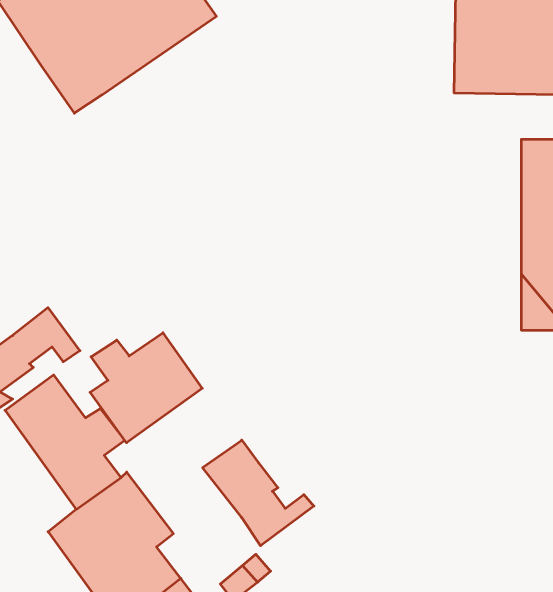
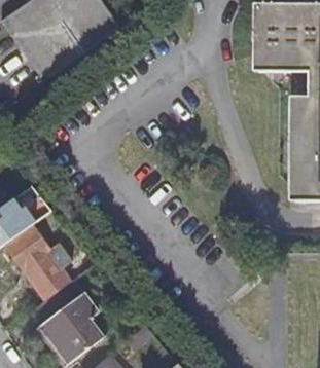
building: [90,333,202,443] -> none
building: [203,440,314,546] -> none

